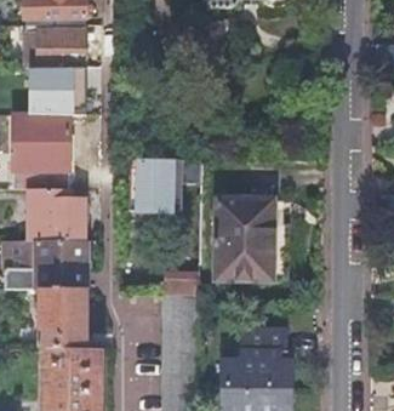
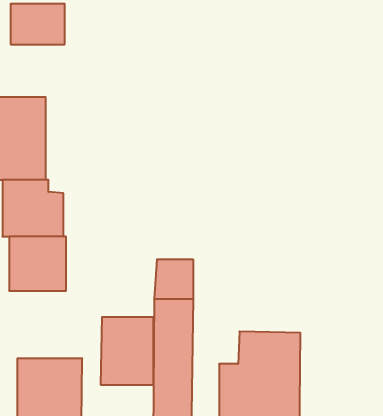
building: [33,68,85,115] -> none
building: [119,159,201,210] -> none
building: [216,198,289,281] -> none
building: [39,289,86,349] -> [101,317,153,385]

